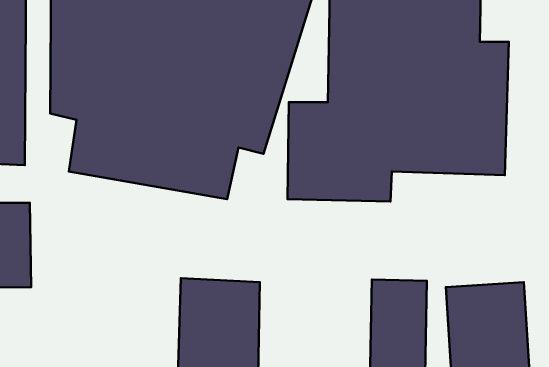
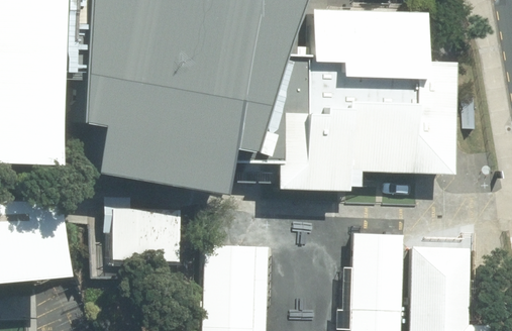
building: none -> [102,211,170,264]

